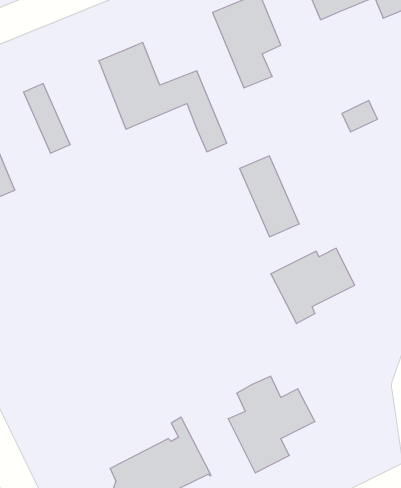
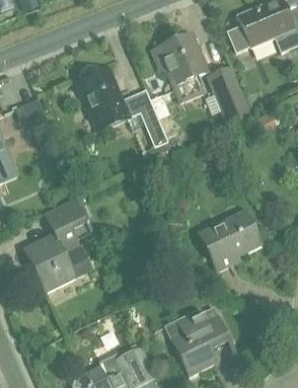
building: [240,156,299,237] -> [208,67,250,125]
building: none -> [22,199,92,292]

